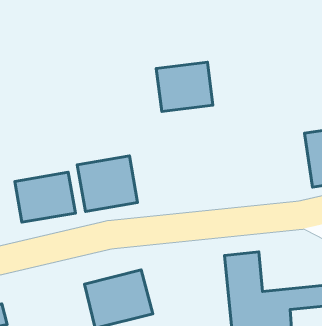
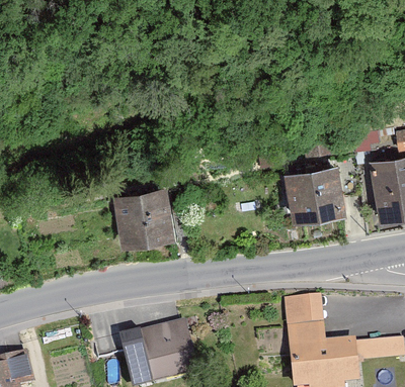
building: [156,62,213,112] -> [280,167,344,222]
building: [15,172,75,222] -> none

